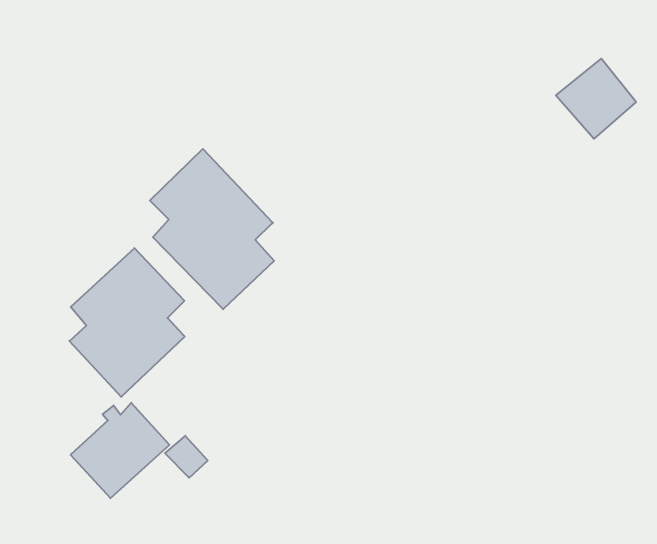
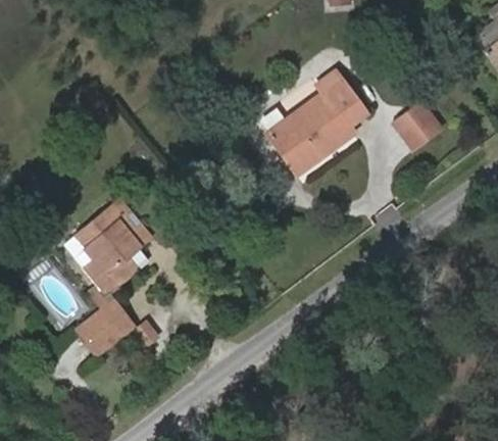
building: none -> [267,71,366,174]
building: [150,149,274,309] -> none

